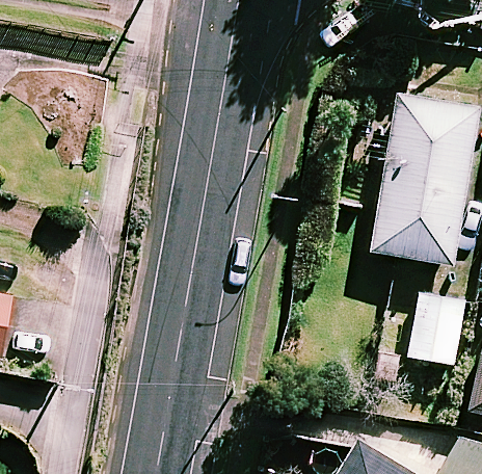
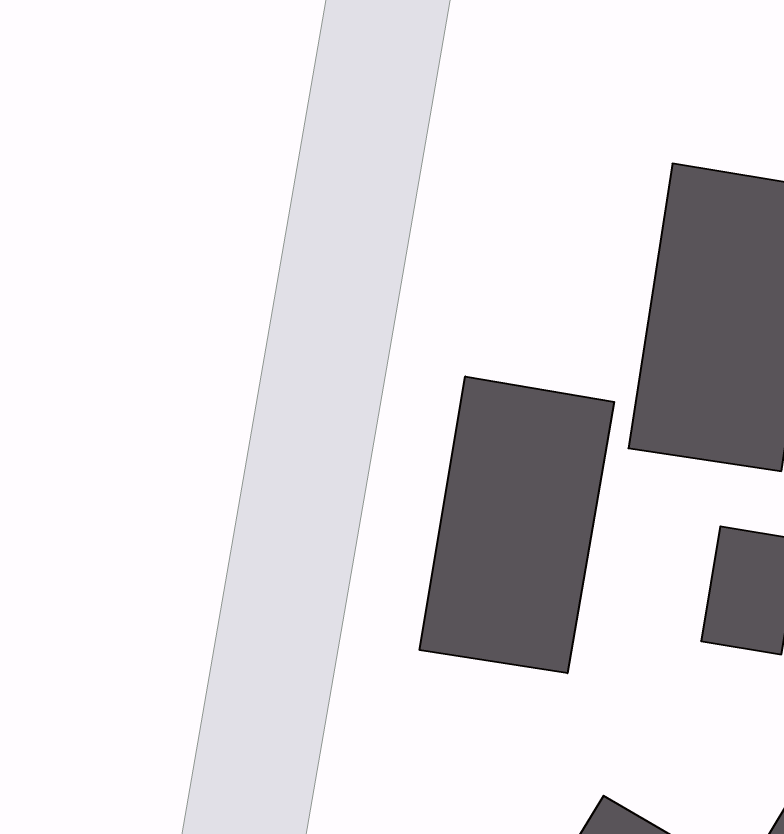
building: none -> [420,376,614,673]

